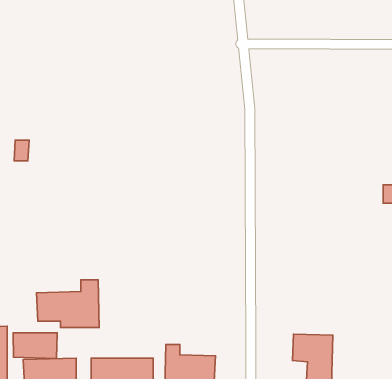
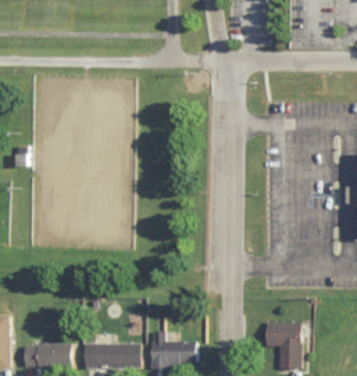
building: [36,280,99,328] -> none
building: [13,333,57,358] -> none

